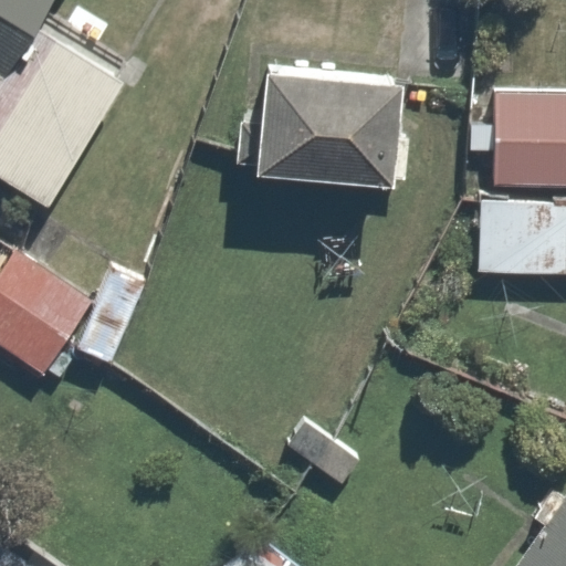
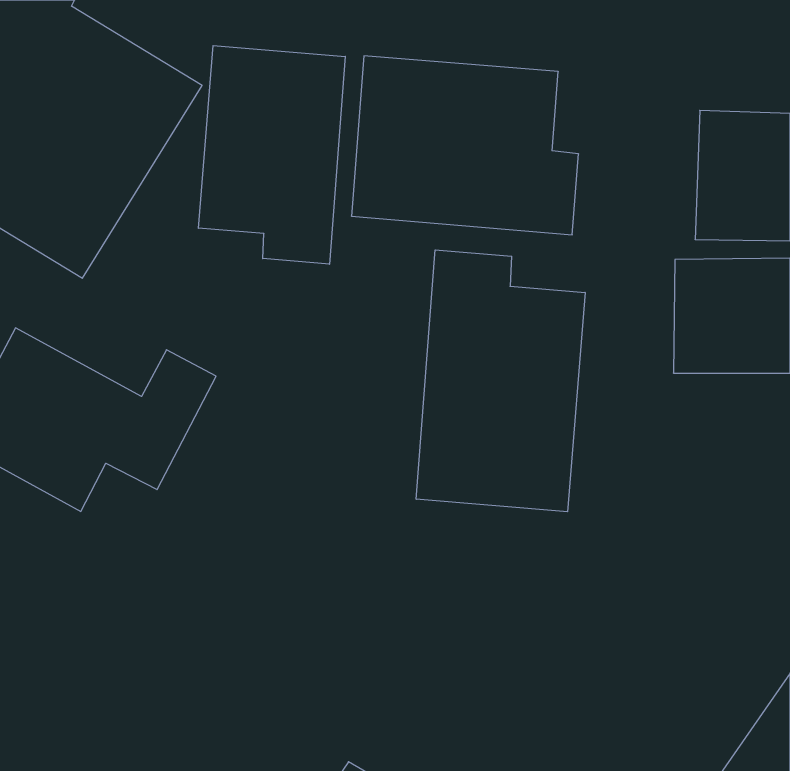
building: none -> [198,46,345,264]
building: none -> [416,250,585,512]

